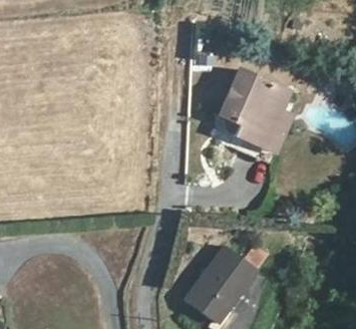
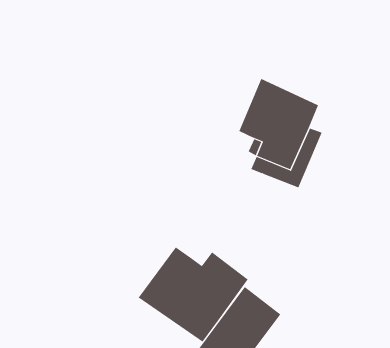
building: none -> [138,247,248,343]

